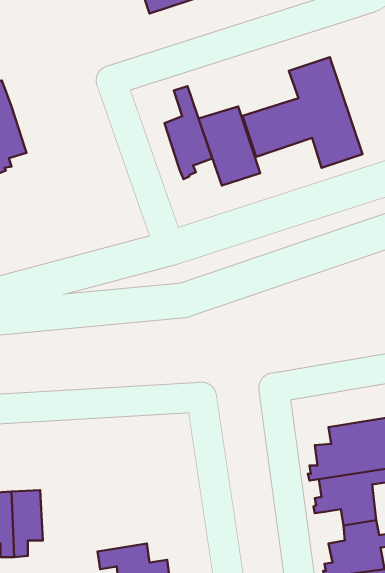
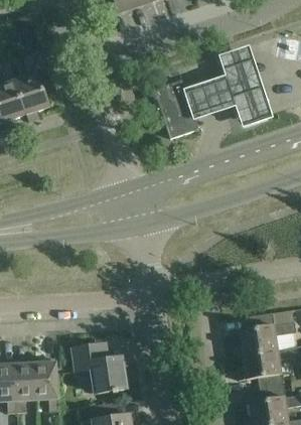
building: [164,86,212,179] -> [15,52,50,121]
building: none -> [72,344,127,393]
building: none -> [36,362,58,410]

